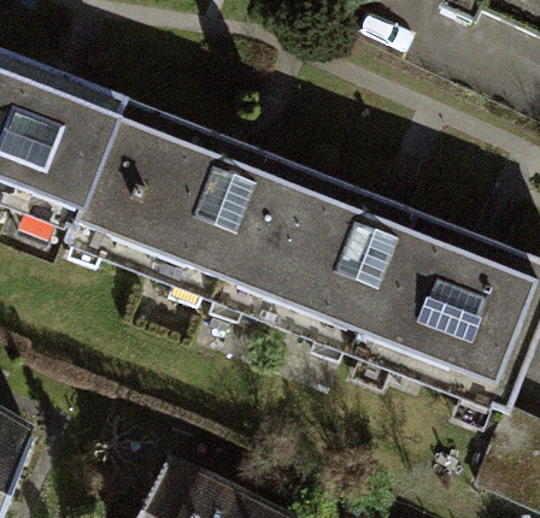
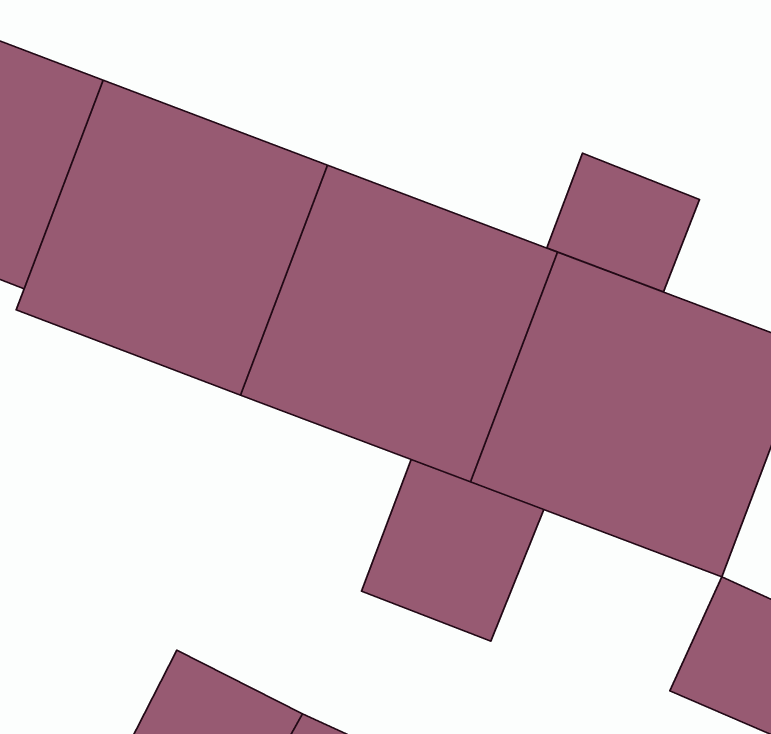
building: none -> [547,153,699,292]
building: none -> [362,460,544,641]

